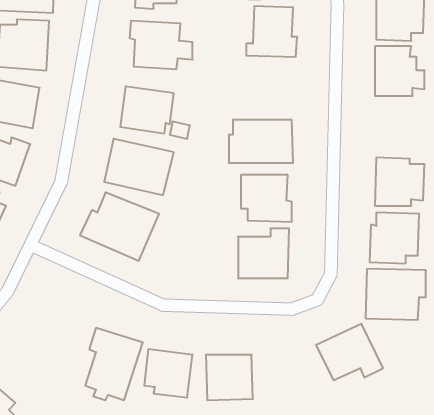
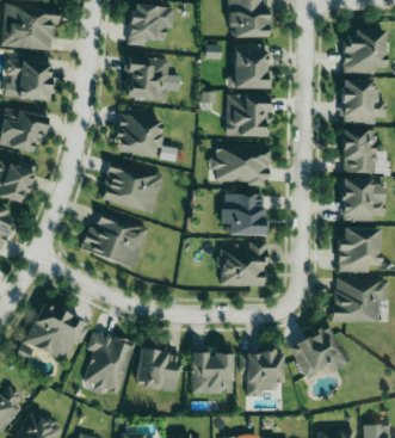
building: none -> [226,94,269,136]
building: none -> [341,129,388,173]
building: none -> [24,302,90,360]
building: none -> [245,351,282,396]

